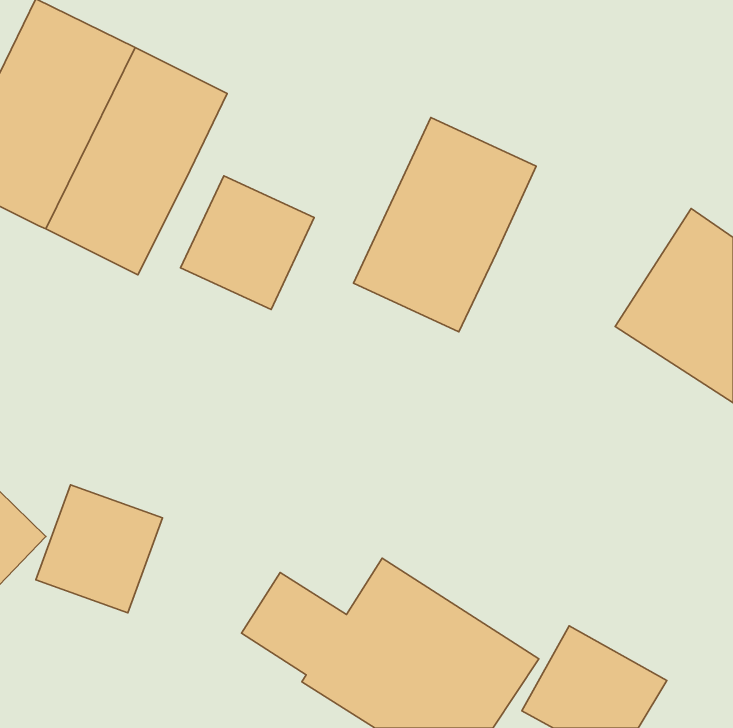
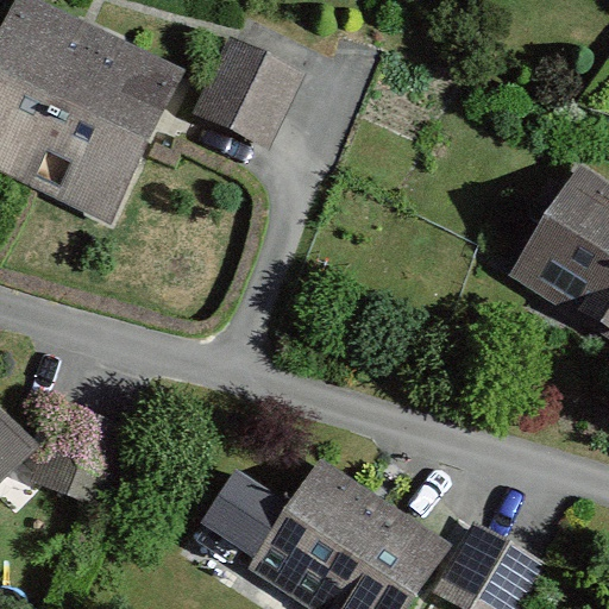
building: [353,117,536,332] -> none
building: [181,176,314,310] -> [193,36,303,146]

